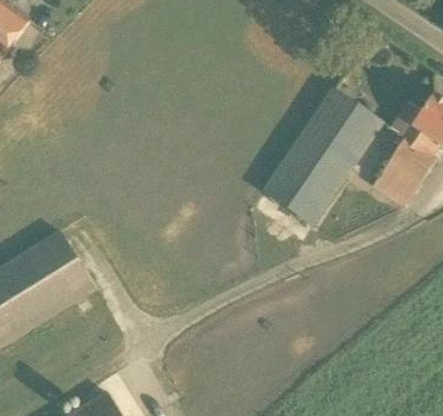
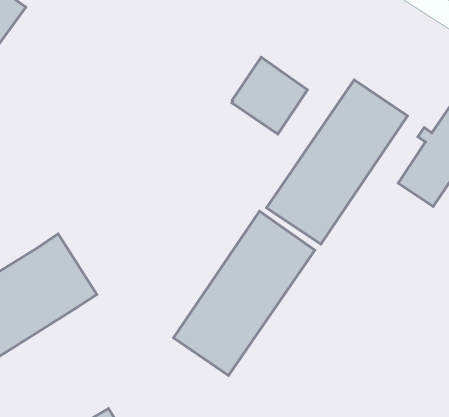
building: none -> [232,57,308,134]
building: none -> [173,211,315,375]

